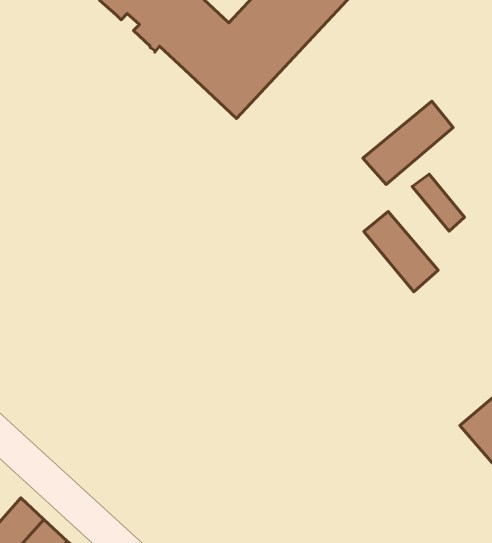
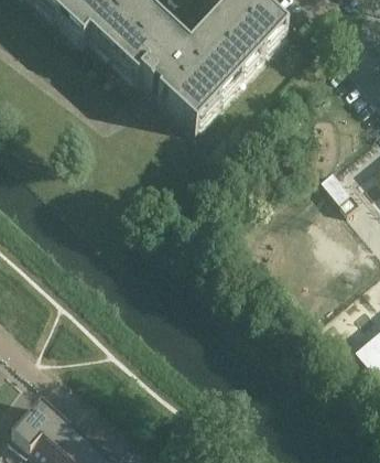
building: [363,101,453,185] -> none
building: [364,211,438,292] -> none

